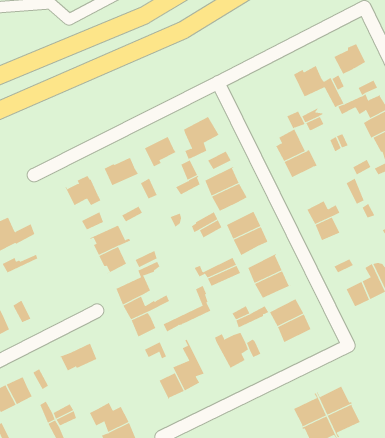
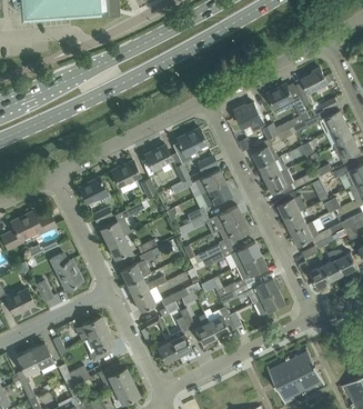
building: none -> [234,102,264,130]
building: none -> [266,170,317,193]
building: none -> [291,221,337,245]
building: none -> [50,253,82,289]
building: none -> [174,300,215,345]
building: none -> [89,329,113,361]

